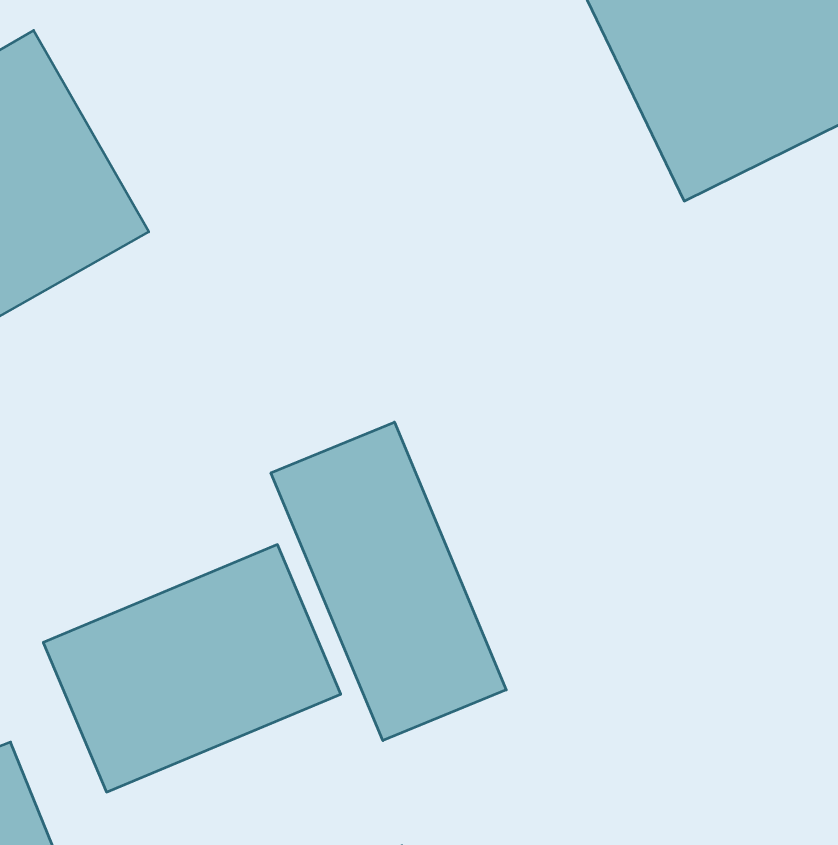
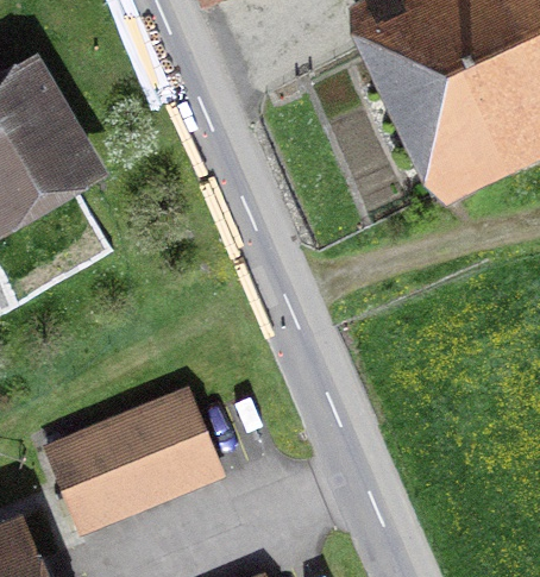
building: [271,422,506,741] -> none

